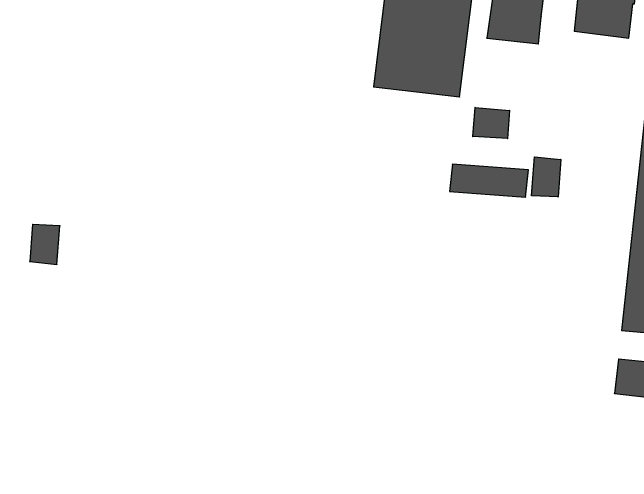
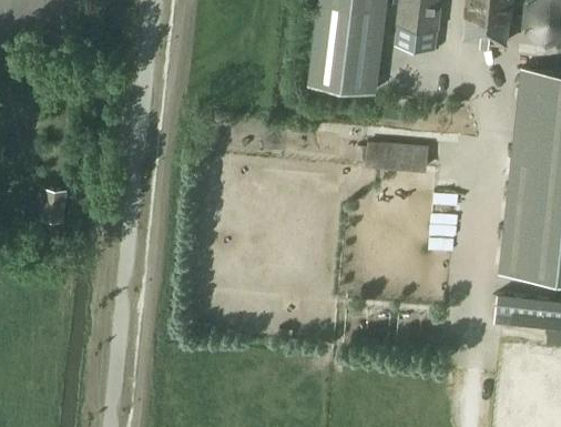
building: [473,107,510,139] -> none
building: [532,157,561,197] -> none

